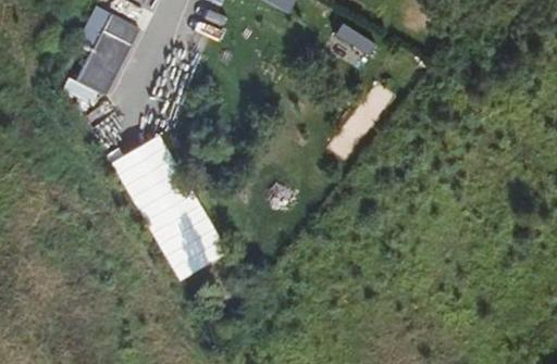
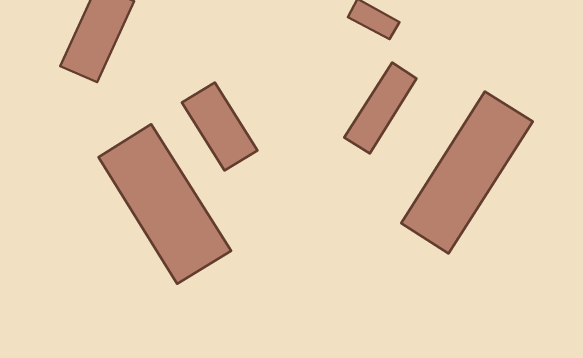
building: none -> [182,83,258,171]
building: none -> [401,92,533,253]

